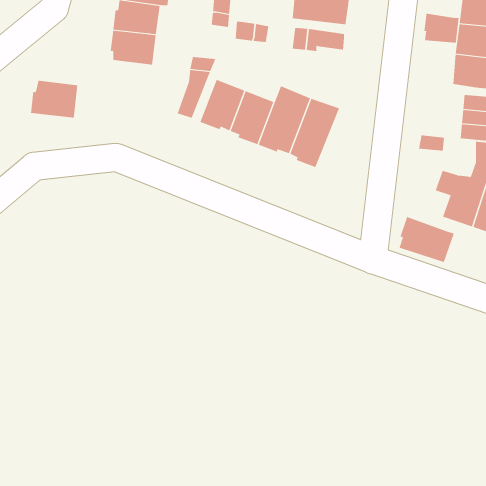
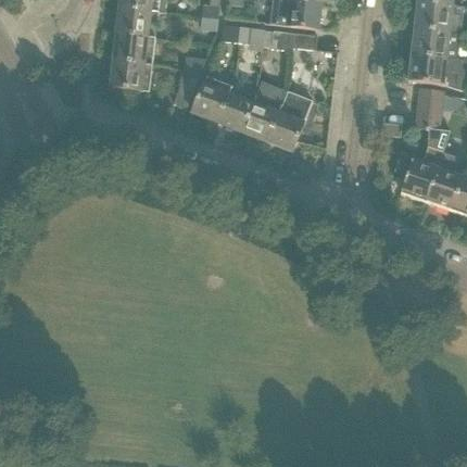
building: [424,13,459,44] -> none
building: [30,80,78,118] -> [110,58,151,90]
building: [399,216,454,263] -> none

